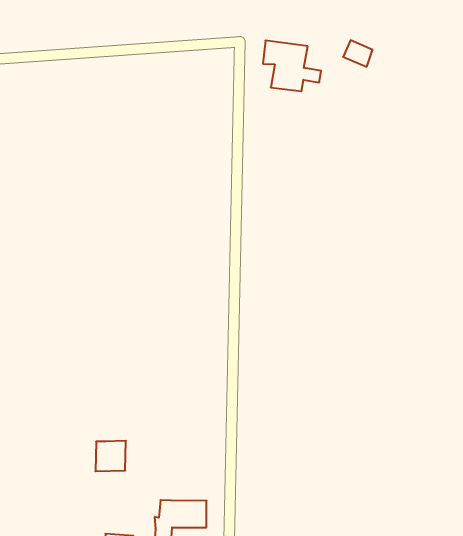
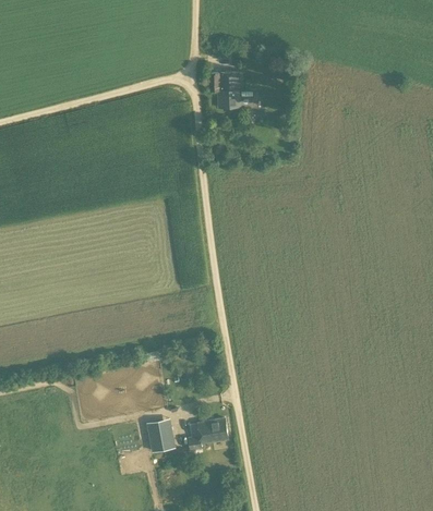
building: [95,441,126,471] -> [148,425,173,451]

